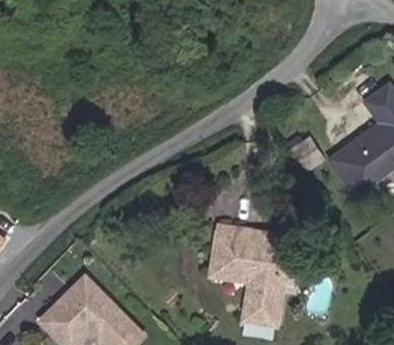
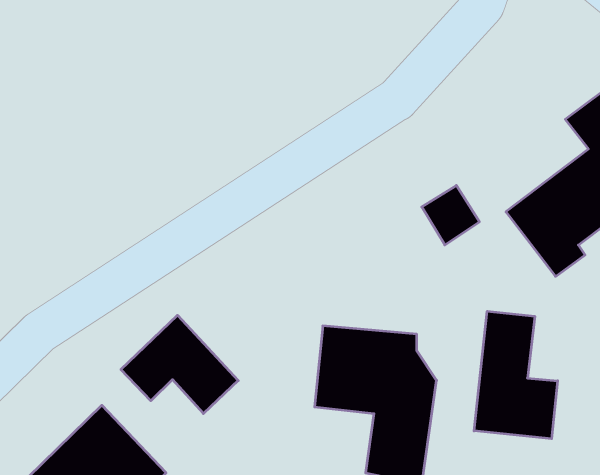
building: none -> [474,311,558,439]
building: none -> [121,315,238,414]

